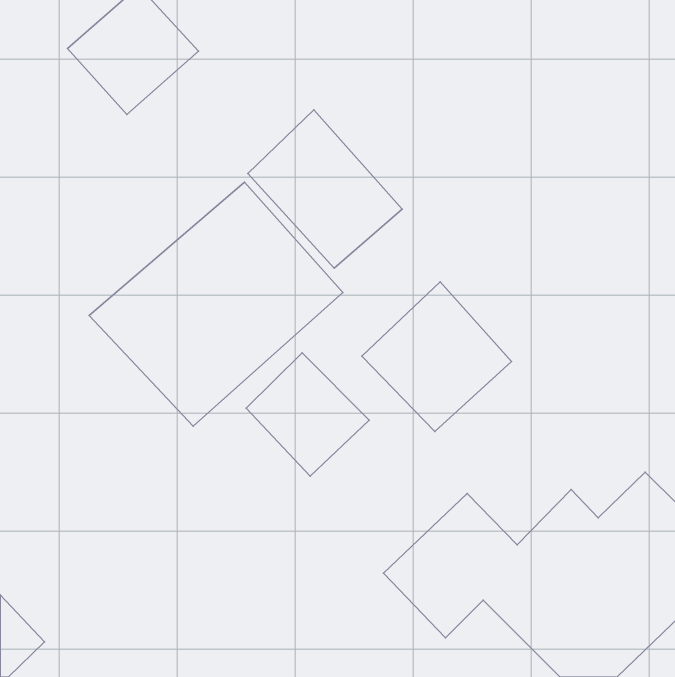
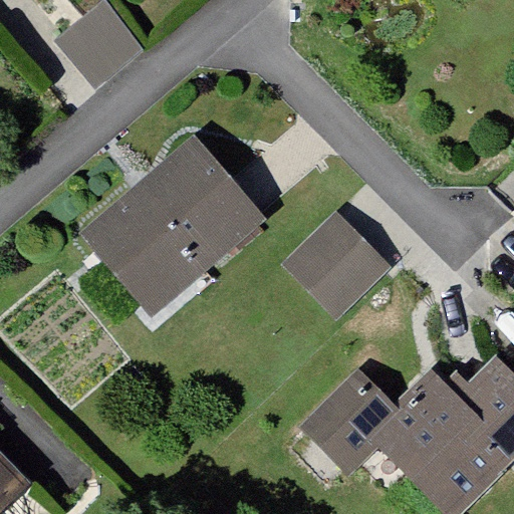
building: [248,110,402,268] -> none
building: [246,353,369,476] -> none

